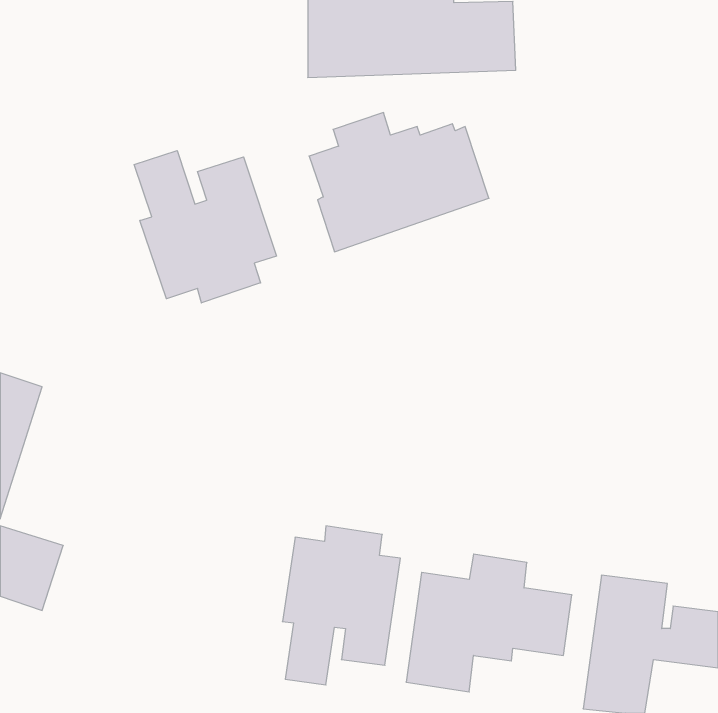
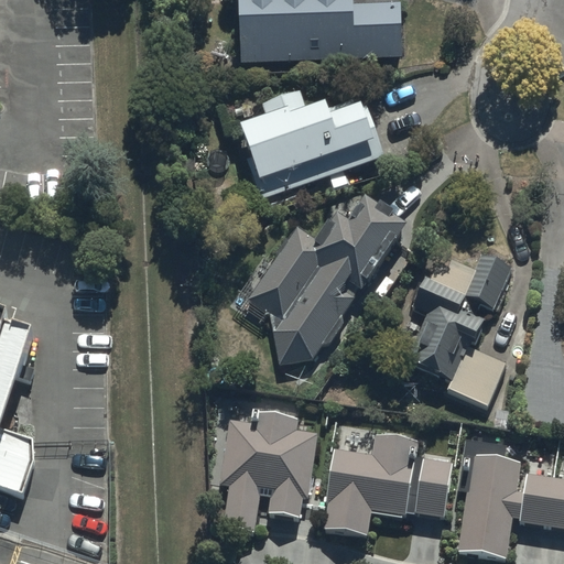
building: [134,151,277,303] -> none
building: none -> [248,191,406,361]
building: none -> [406,253,512,404]

